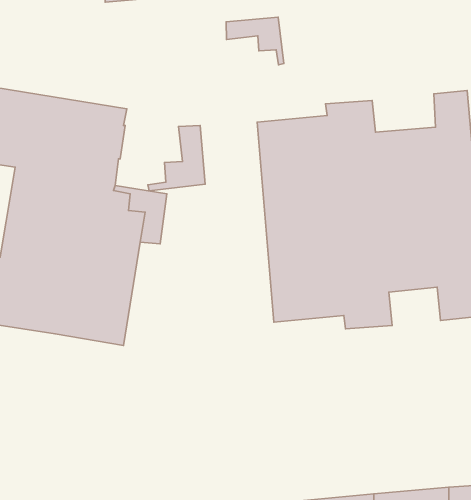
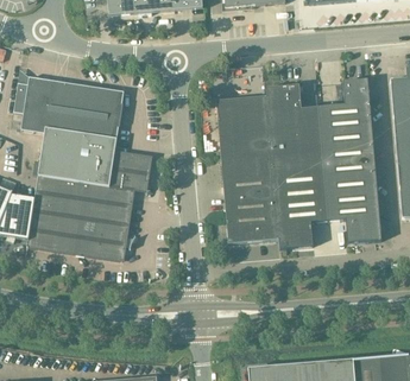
building: [226,17,284,65] -> none
building: [148,126,205,191] -> none

